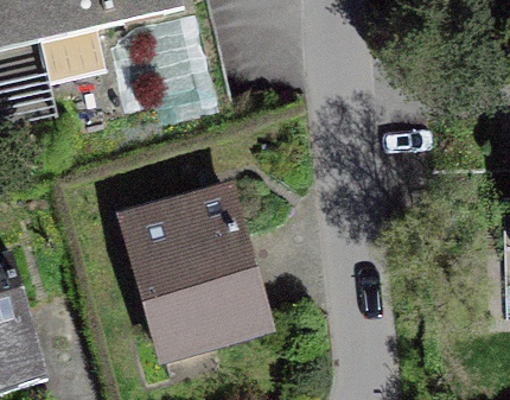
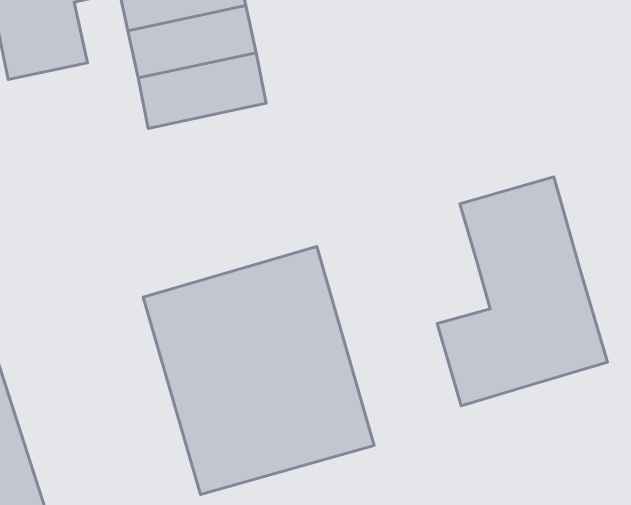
building: none -> [437,177,607,406]

